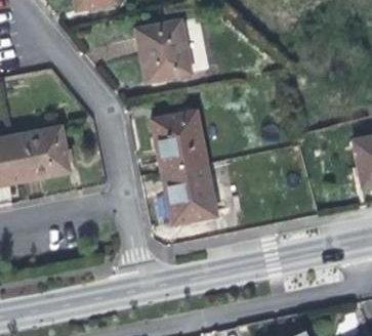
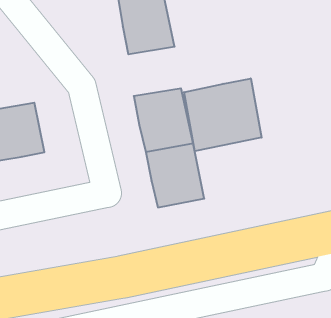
building: none -> [184,78,262,151]

